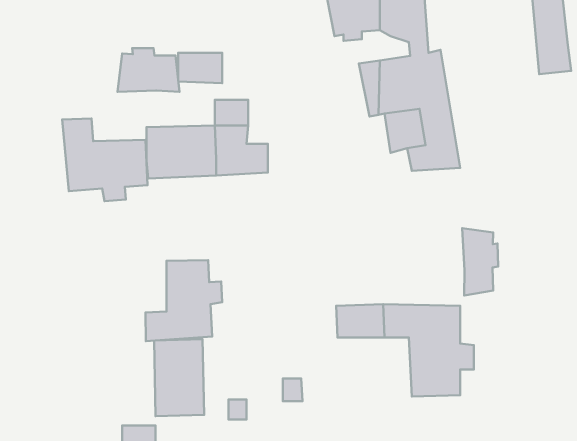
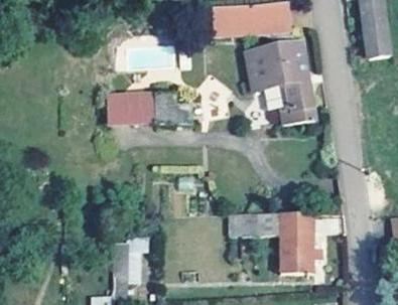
building: [117,48,179,92] -> none
building: [62,119,148,201] -> none
building: [462,228,498,296] -> none
building: [146,260,222,341] -> none

